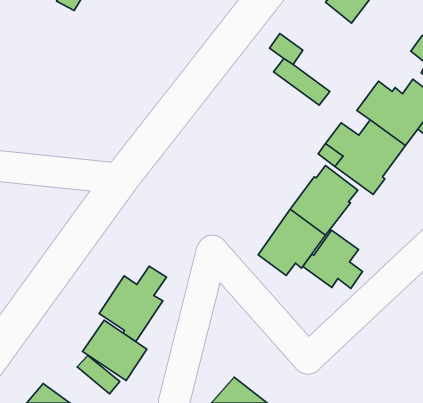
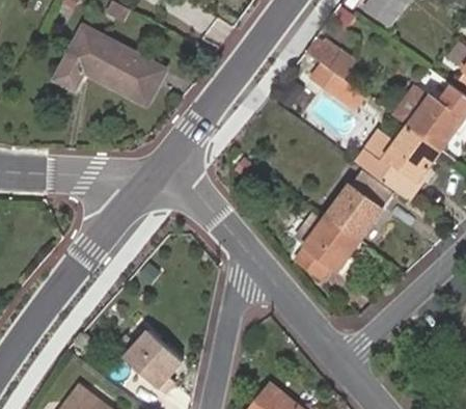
building: none -> [56,27,165,105]
building: [303,230,363,288] -> none
building: [99,266,166,341] -> none

